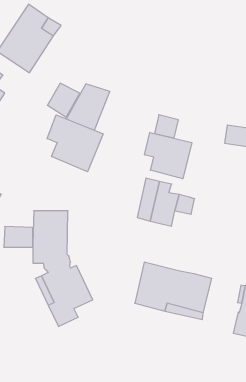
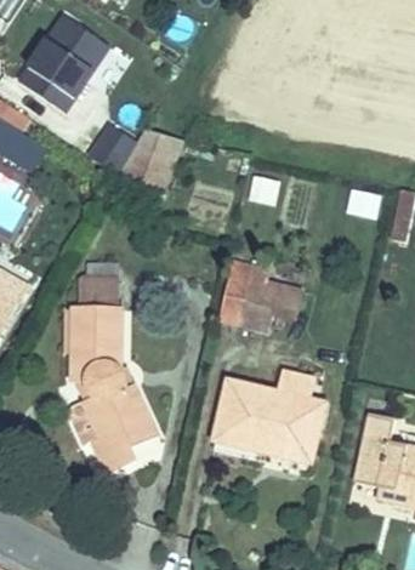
building: [47,115,103,172] -> none
building: [145,132,192,179] -> none
building: [4,227,33,247] -> [76,279,118,308]

